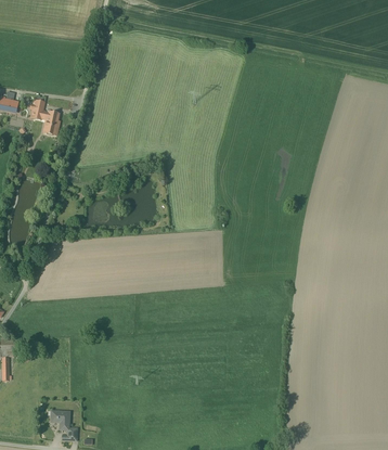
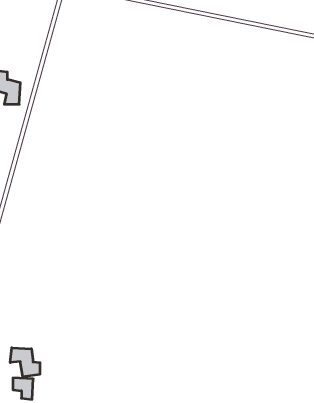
building: none -> [10,348,40,377]

